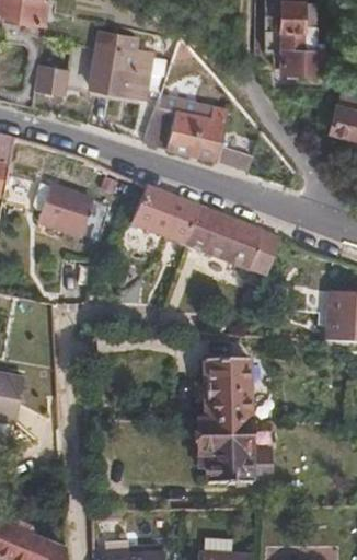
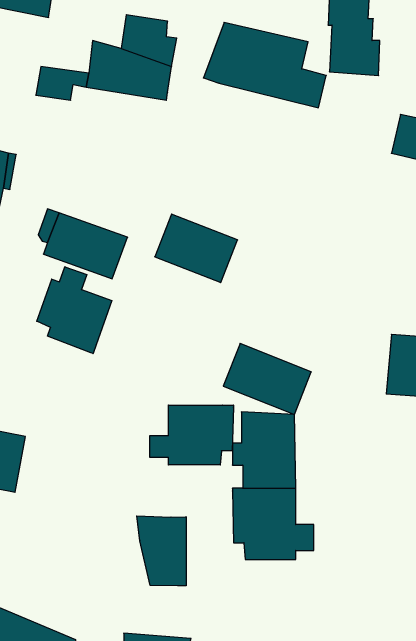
building: [138,90,242,162] -> [203,22,326,108]
building: [188,210,263,270] -> [223,343,311,415]
building: none -> [37,267,112,354]
building: none -> [150,405,233,465]
building: none -> [137,516,186,586]

